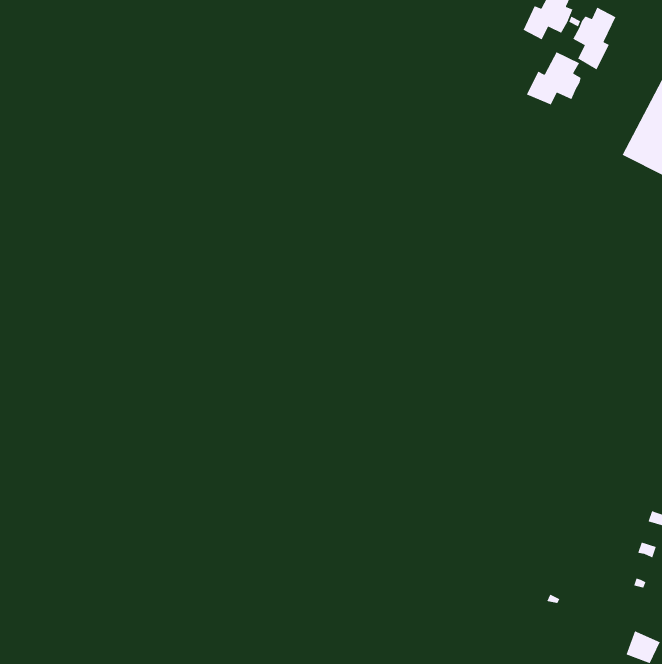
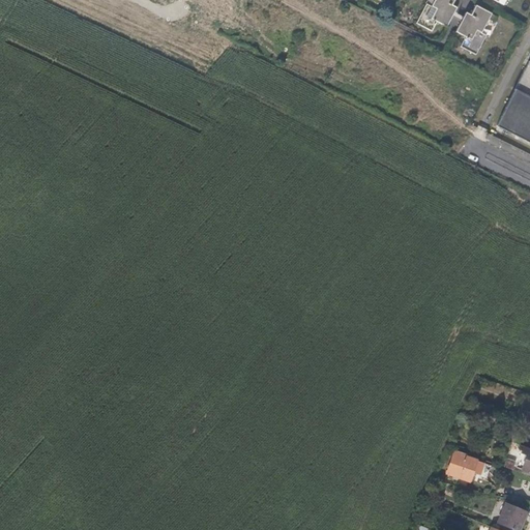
building: [526,51,582,106] -> none
building: none -> [449,449,484,480]

